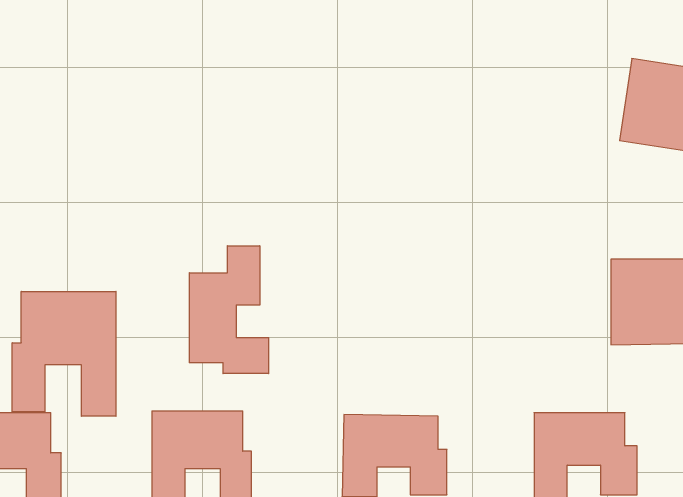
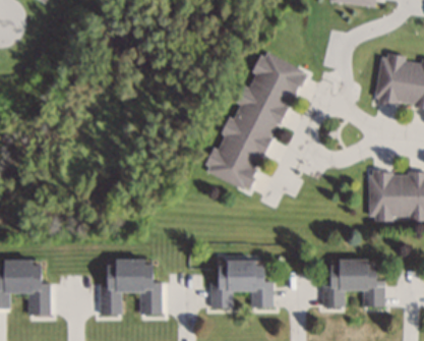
building: none -> [205,50,304,190]
building: [189,246,269,374] -> none
building: [12,291,116,416] -> none

